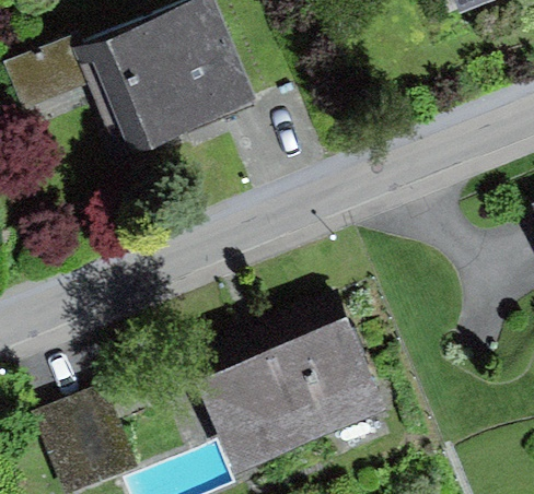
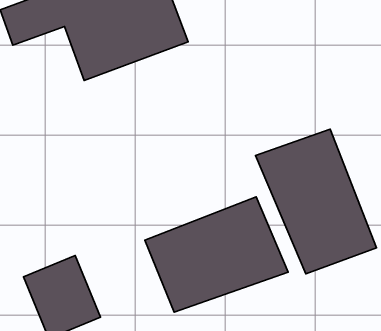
building: none -> [256,129,376,274]

